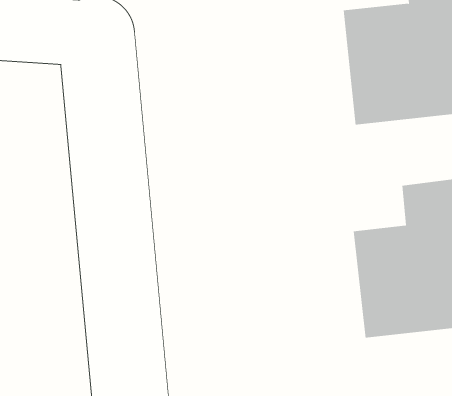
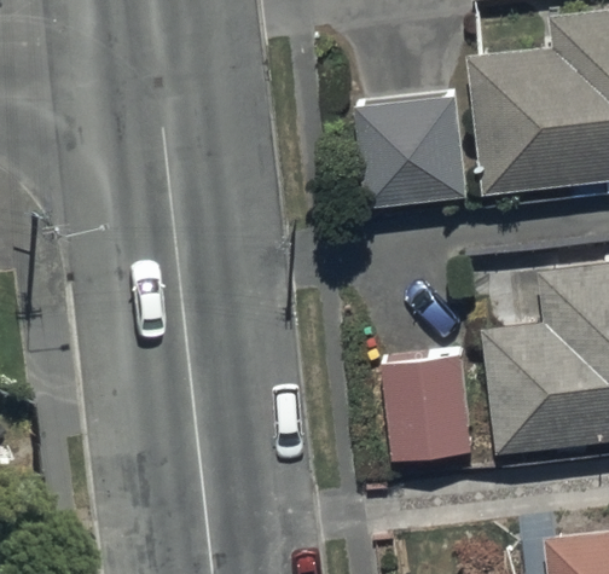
building: none -> [358,97,468,207]
building: none -> [376,358,470,459]

